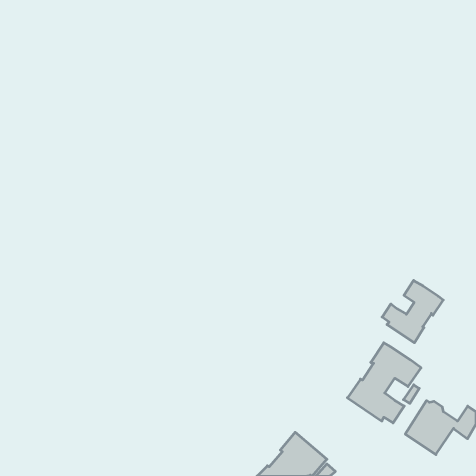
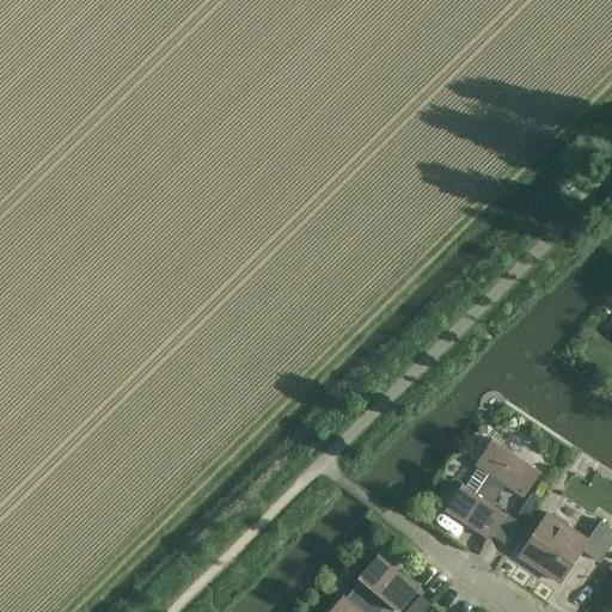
building: [382,280,443,343] -> none

